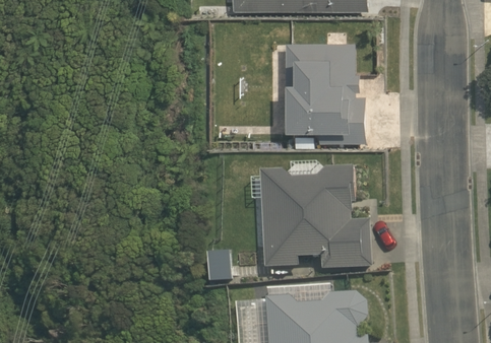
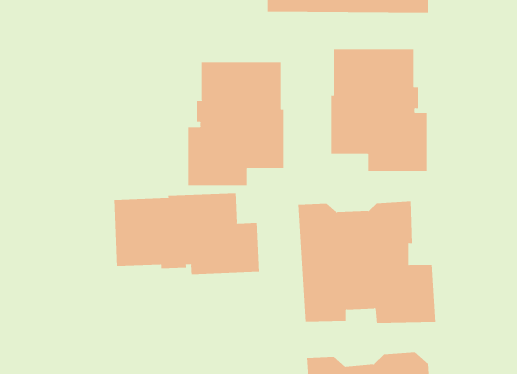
building: none -> [188,62,284,186]
building: none -> [114,192,259,275]

